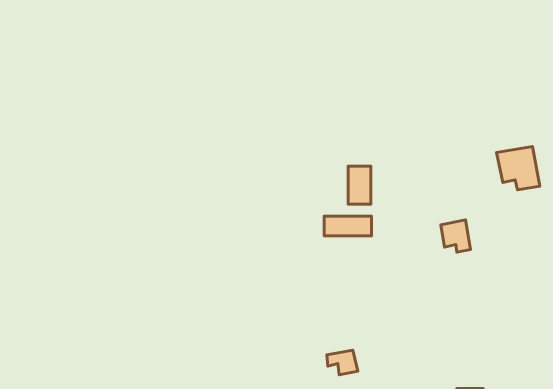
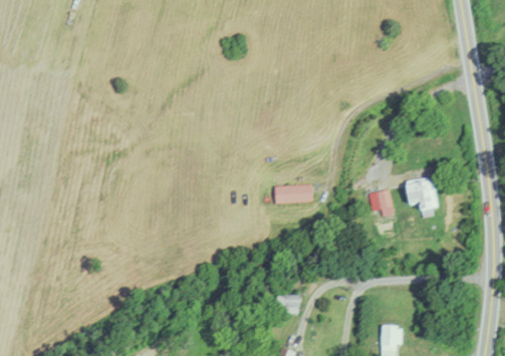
building: [496,146,540,190] -> [403,176,438,212]
building: [348,166,371,204] -> none

